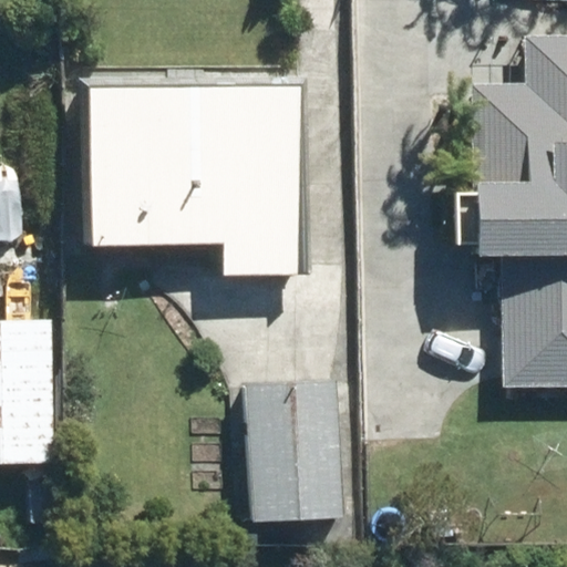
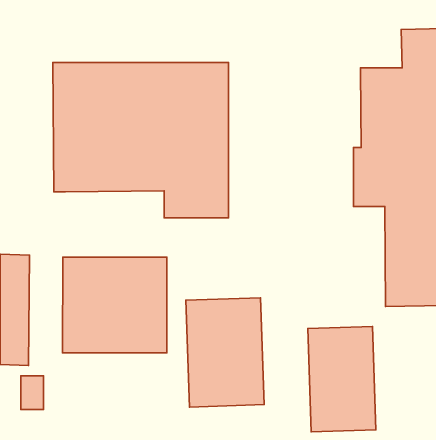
building: none -> [63,257,167,353]
building: none -> [308,327,376,432]

